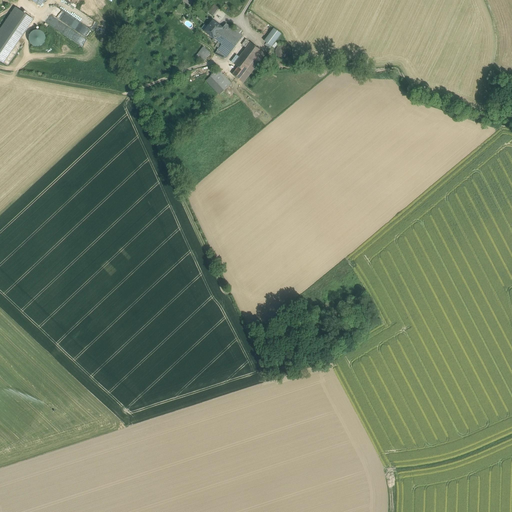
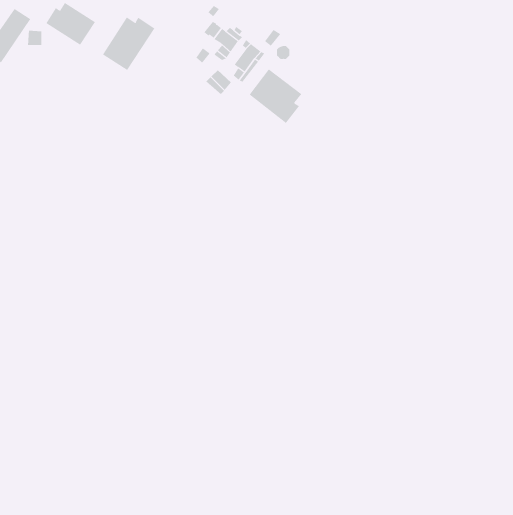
building: none -> [102,17,155,71]
building: none -> [249,68,302,124]

